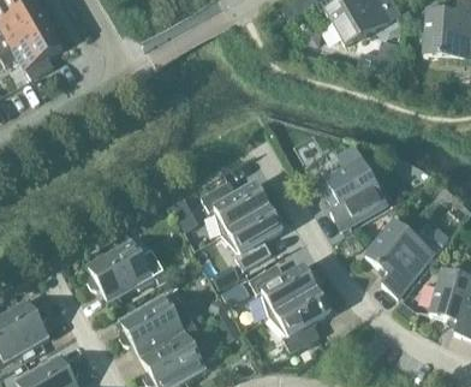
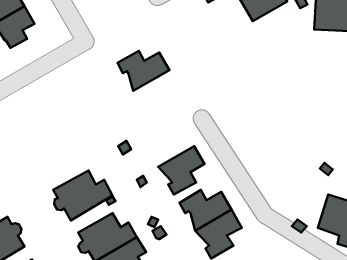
building: [320,147,387,230] -> none
building: [202,181,269,233] -> [117,51,169,91]
building: [365,220,434,297] -> none

